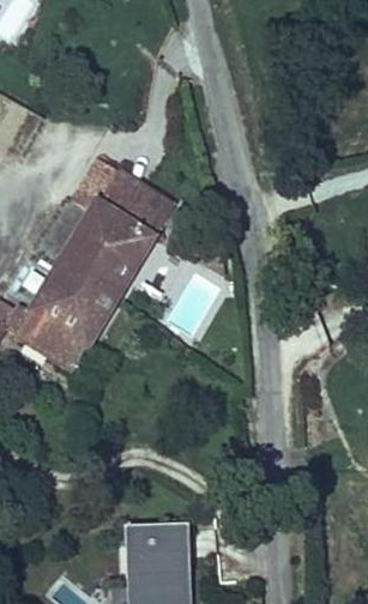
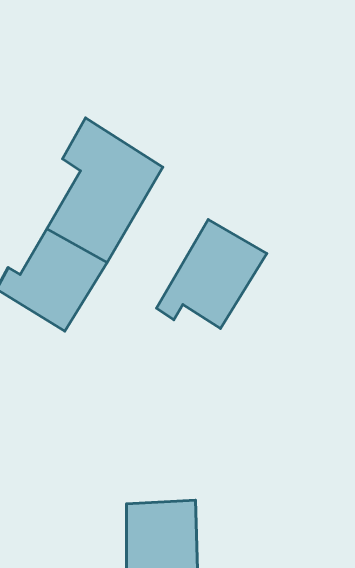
building: none -> [157,220,267,328]

